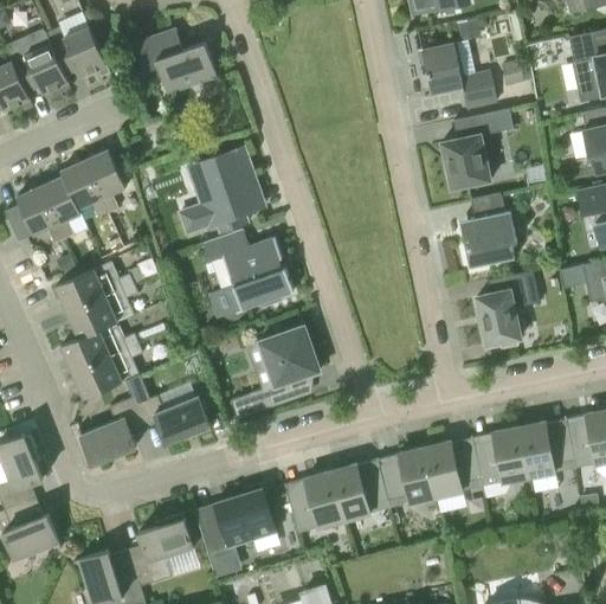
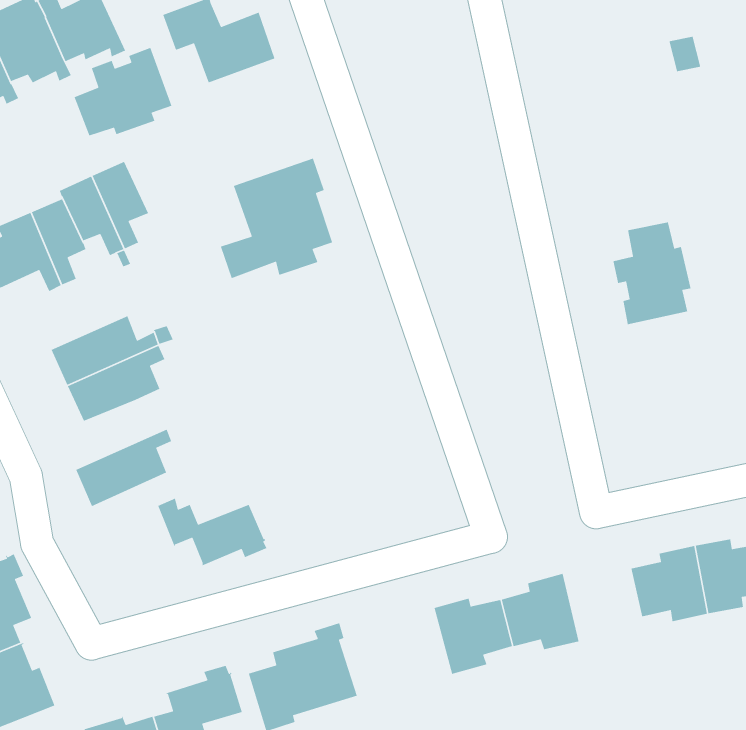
building: [421,41,495,109] -> none
building: none -> [74,47,173,137]
building: [440,109,512,189] -> none
building: [201,230,292,313] -> none
building: [476,271,539,348] -> none
building: [60,323,138,373] -> none
building: [230,327,320,420] -> none
building: [79,399,143,464] -> none
building: [424,442,482,497] -> none
building: [285,473,343,528] -> none

